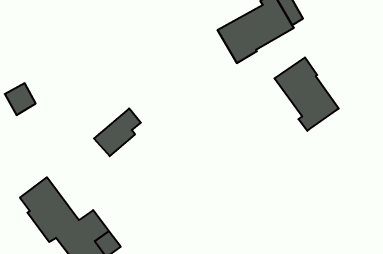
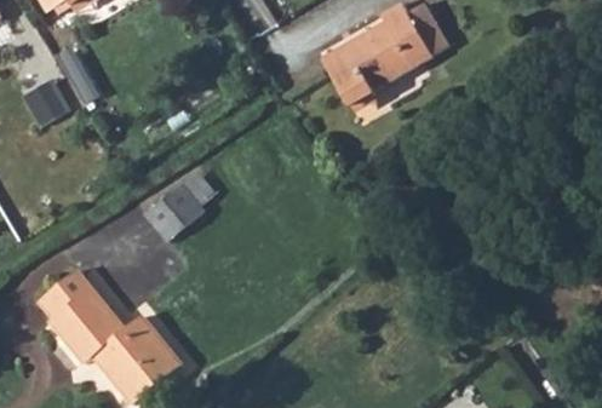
building: [274,57,339,131] -> none
building: [5,83,36,115] -> [25,76,70,122]

